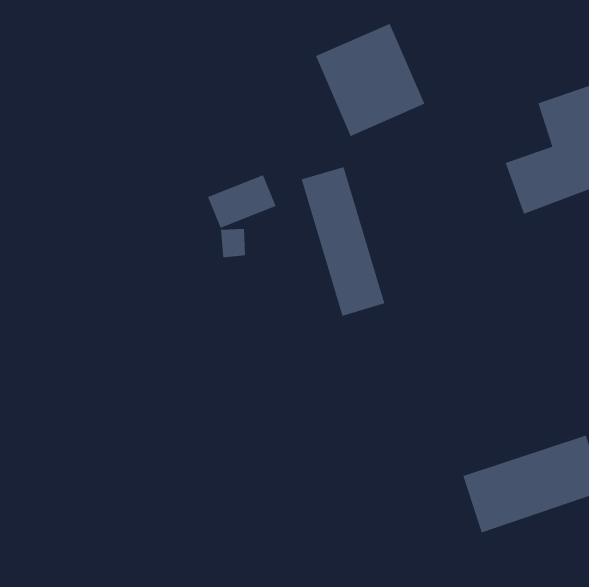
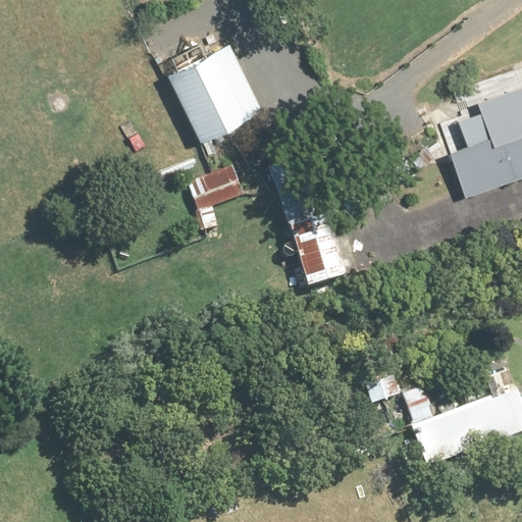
building: [315,23,425,137] -> [166,44,262,143]

